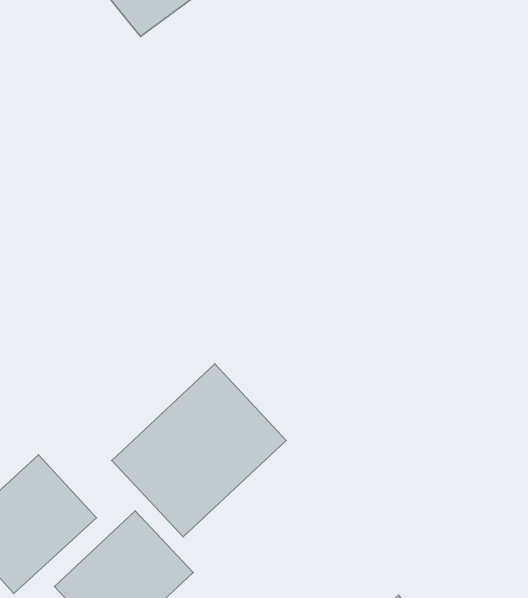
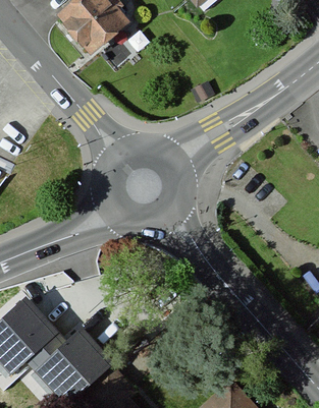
building: [112,364,286,537] -> none

